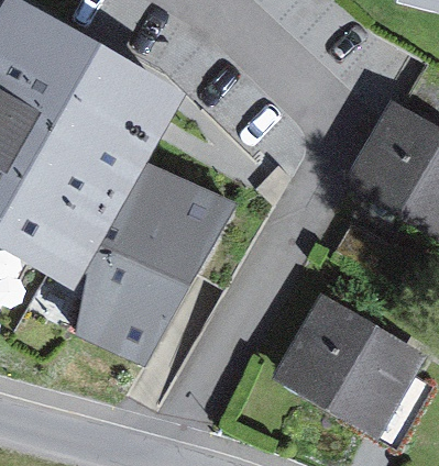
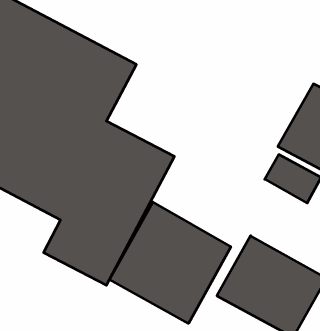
building: none -> [110,202,231,323]

